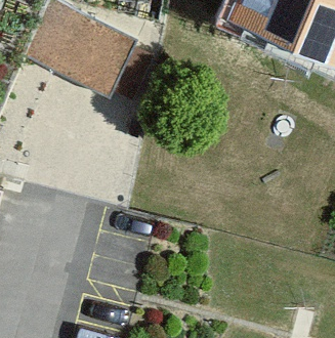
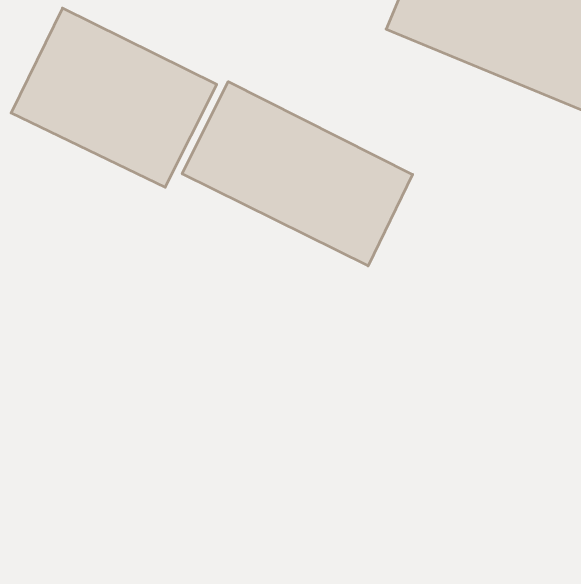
building: none -> [182,82,413,266]

